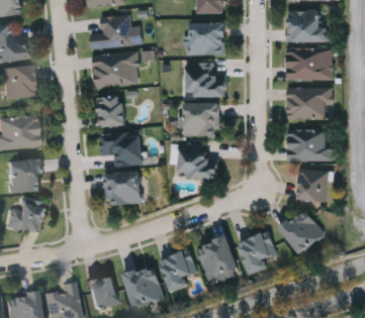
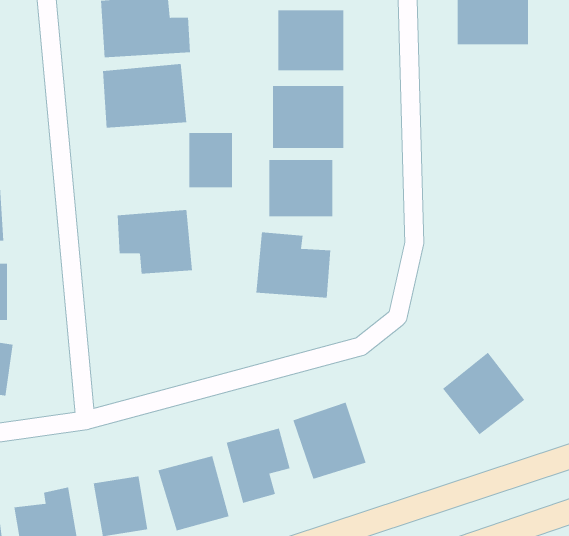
building: [286,48,332,79] -> none
building: [286,87,330,119] -> none
building: [99,96,123,126] -> [188,132,233,188]
building: [287,129,333,161] -> none
building: [297,169,329,202] -> none
building: [104,172,142,204] -> none
building: [237,231,277,275] -> none

